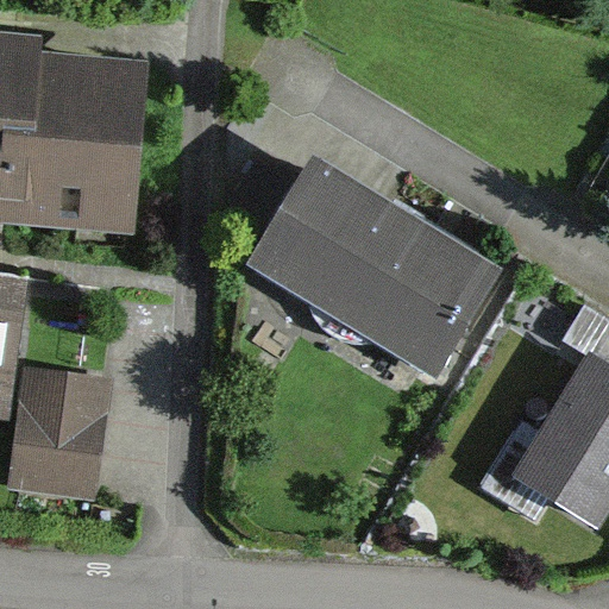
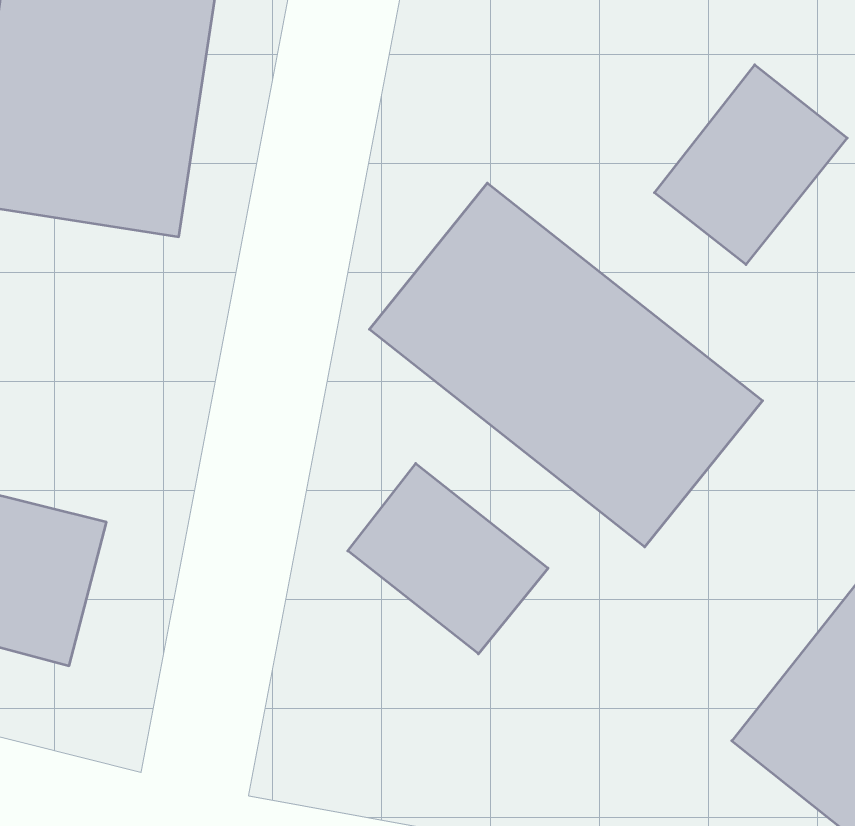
building: none -> [654,65,847,265]
building: none -> [348,463,548,654]

